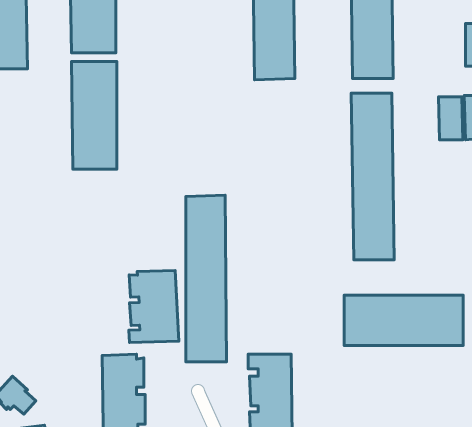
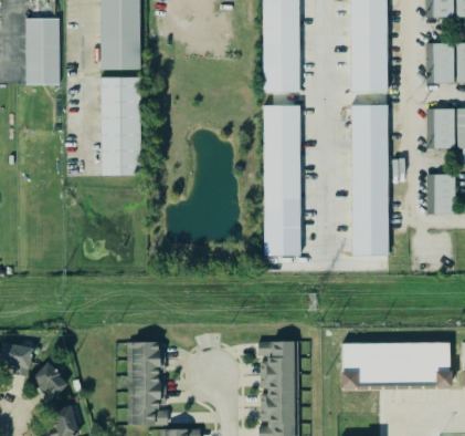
building: none -> [430,42,451,81]
building: none -> [431,174,453,214]
building: [186,195,226,362] -> [265,105,302,256]
building: [129,271,179,342] -> none
building: [344,295,463,345] -> [344,343,451,388]

